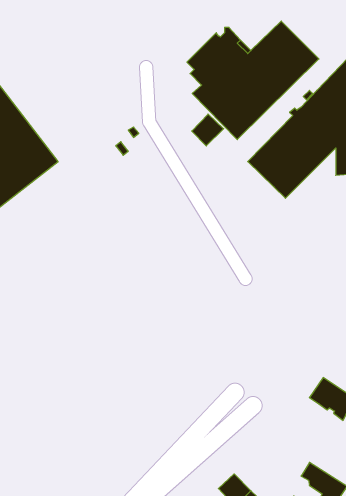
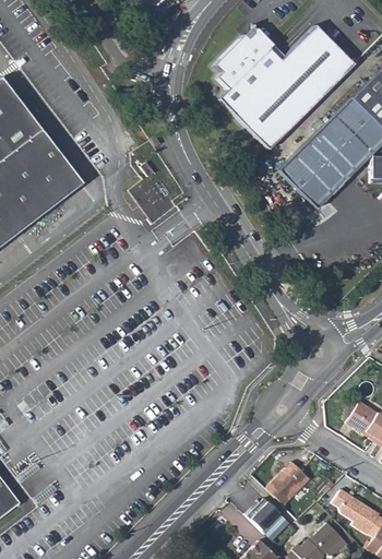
building: [192,114,224,146] -> none
building: none -> [266,461,310,506]

